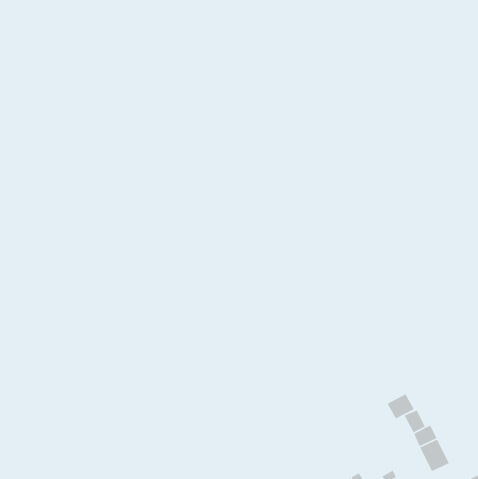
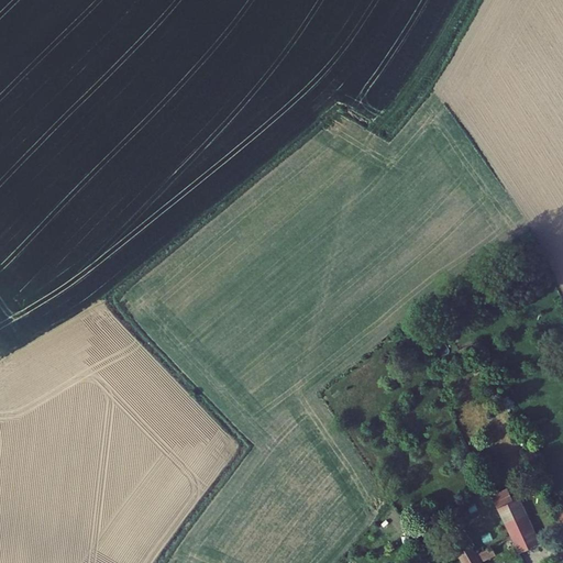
building: [387,393,415,420] -> none

